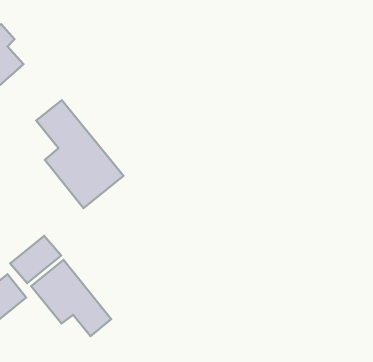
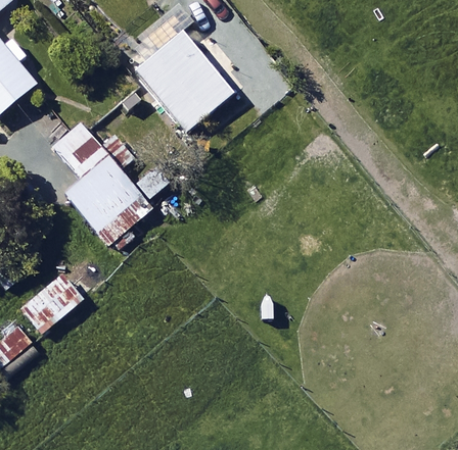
building: none -> [134,28,233,130]
building: [31,260,111,336] -> none

